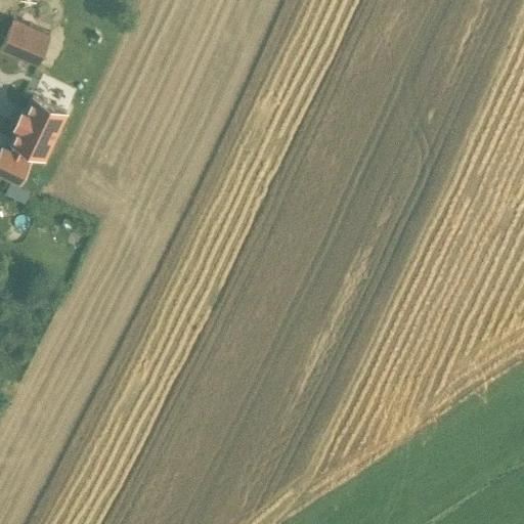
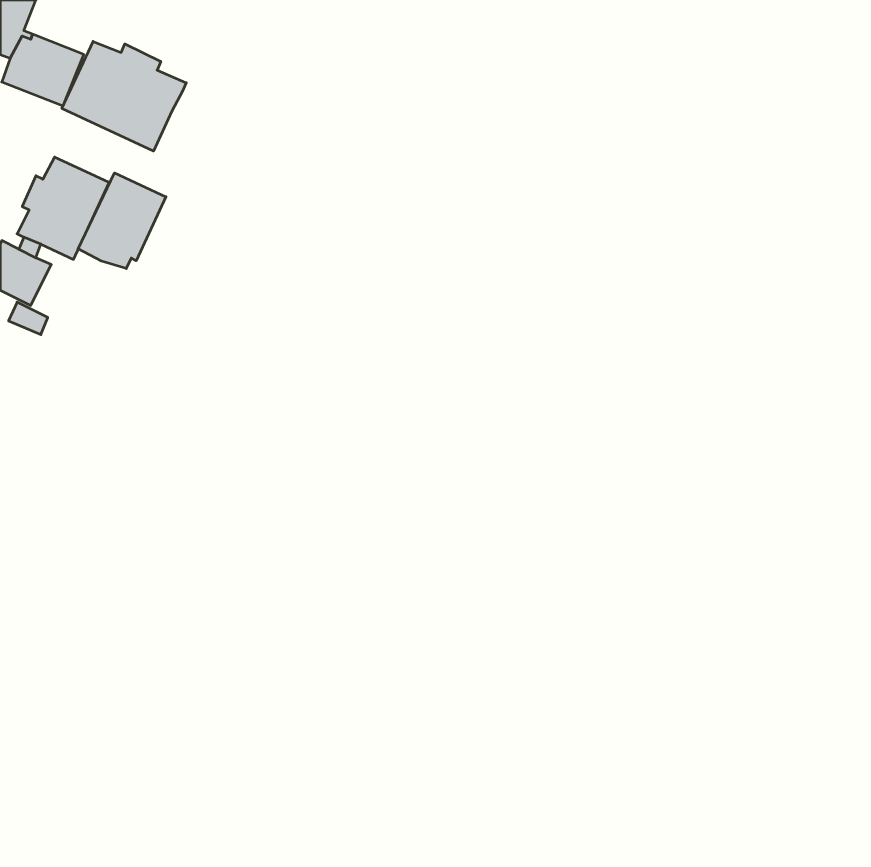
building: none -> [62,41,186,151]
building: none -> [78,173,166,269]

